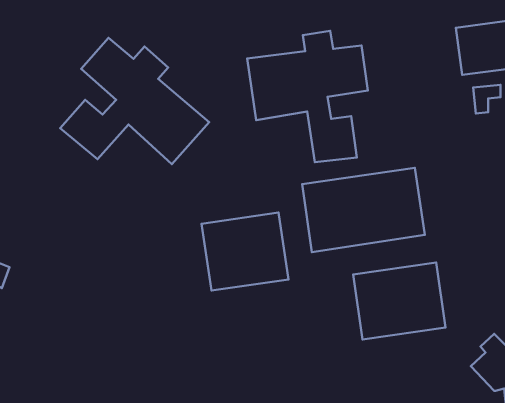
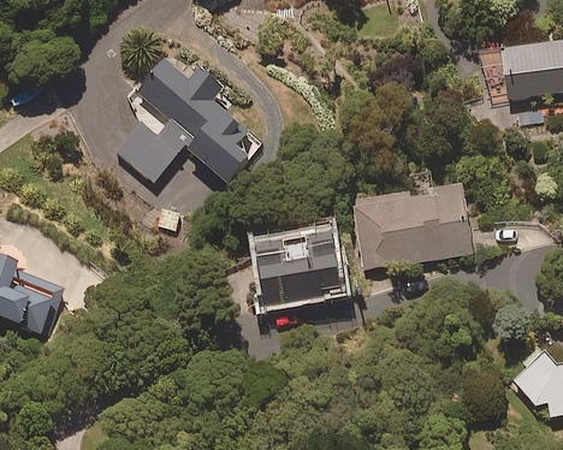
building: [247,31,368,162] -> none
building: [353,263,445,339] -> none

